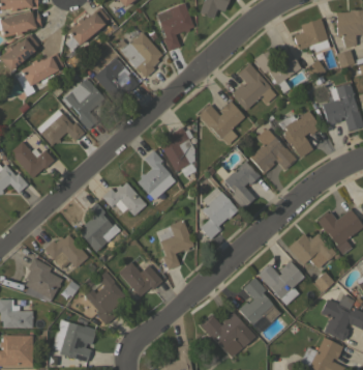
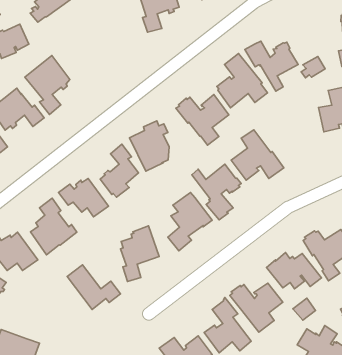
building: [294,18,330,52] -> none
building: [121,32,162,80] -> none
building: [95,57,139,98] -> none
building: [279,111,321,158] -> none
building: [85,272,127,325] -> none

